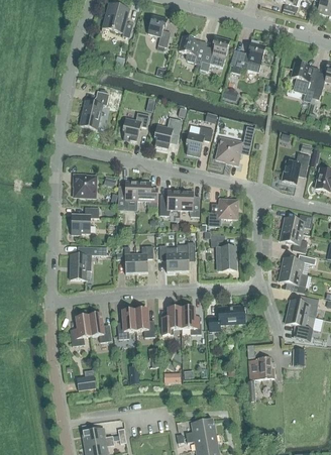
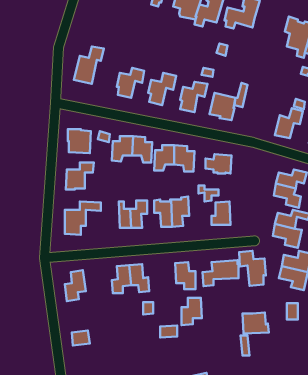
building: none -> [239,251,266,286]
building: [161,308,182,335] -> [182,298,202,325]
building: [88,314,111,342] -> none

